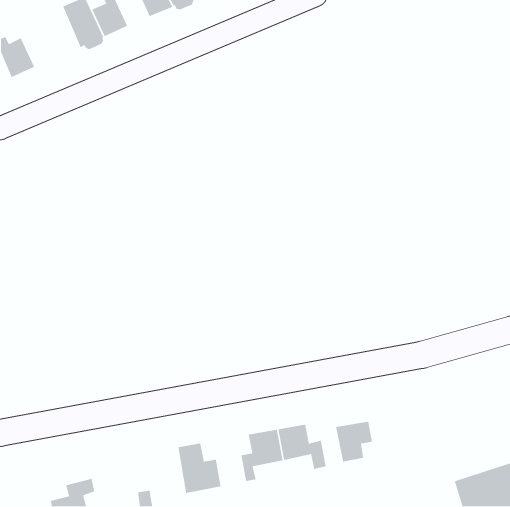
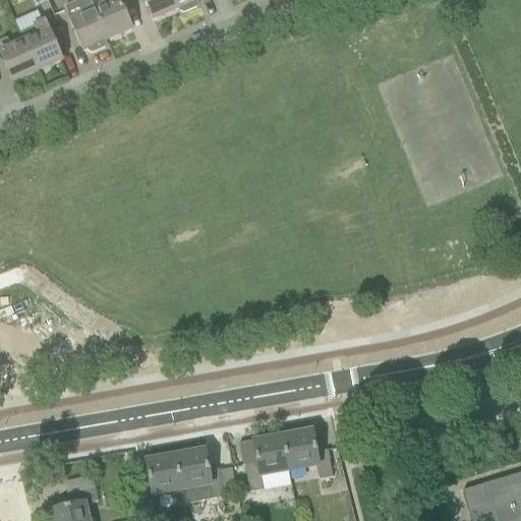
building: none -> [20,20,62,68]
building: [335,421,373,462] -> none
building: none -> [147,454,190,504]

